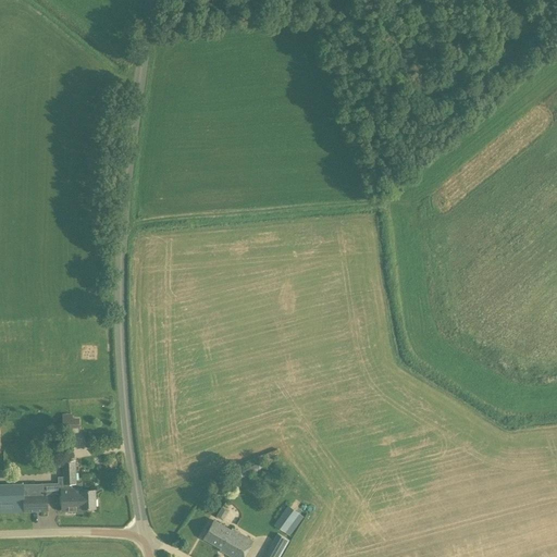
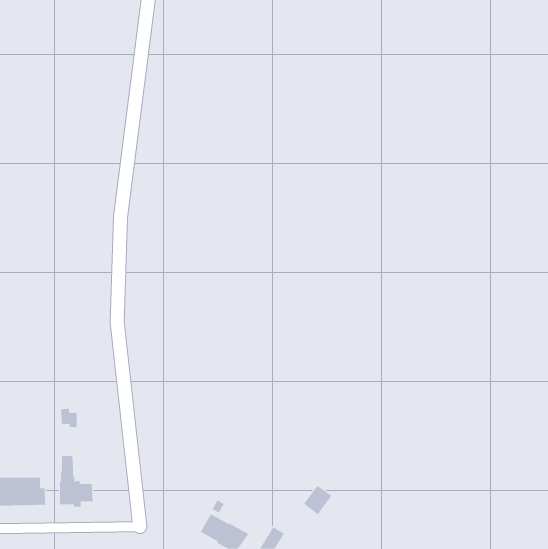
building: [273,506,302,536] -> [303,485,332,515]

